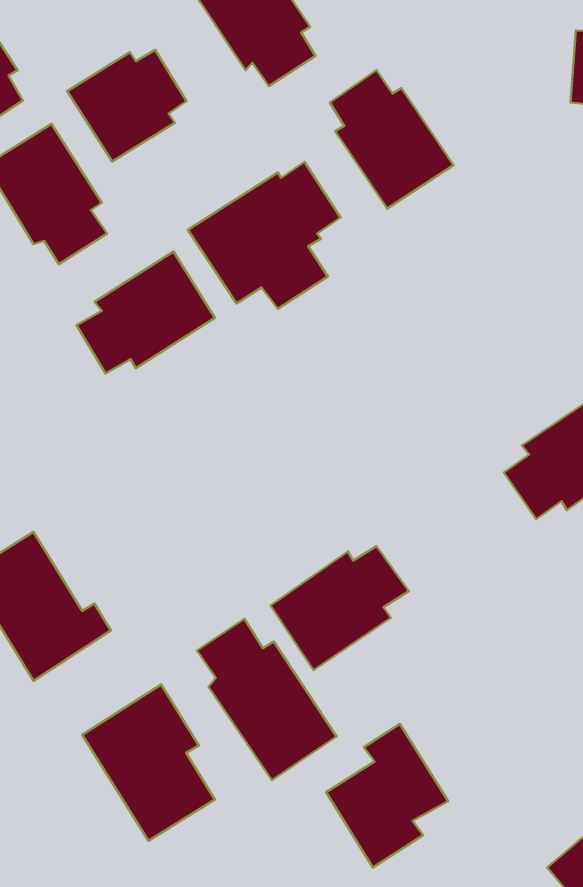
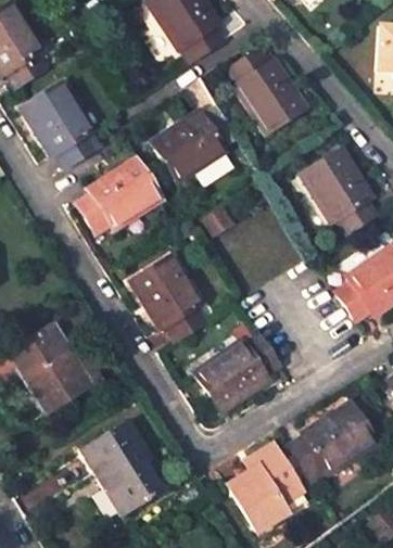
building: [67,50,186,162] -> none
building: none -> [301,146,375,231]
building: none -> [130,254,204,339]
building: [197,619,337,780] -> none
building: none -> [290,402,375,477]

